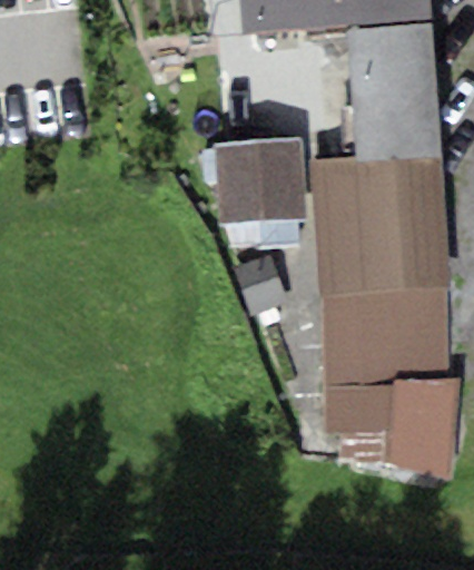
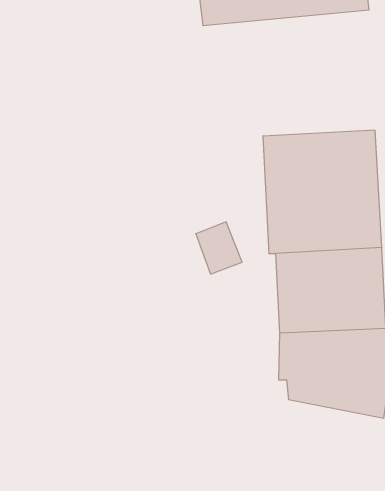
building: [347,23,438,157] -> none
building: [214,136,306,247] -> none

